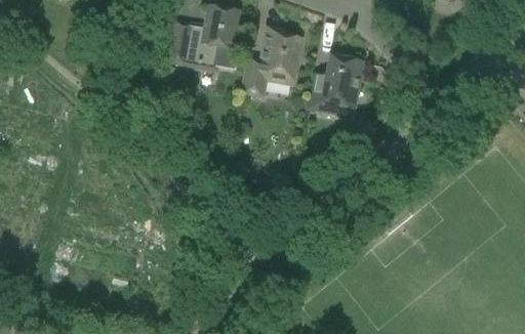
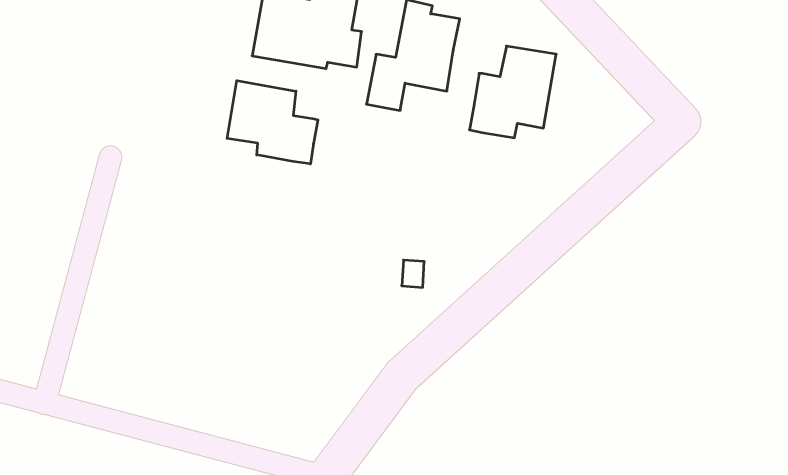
building: none -> [227,81,318,164]

